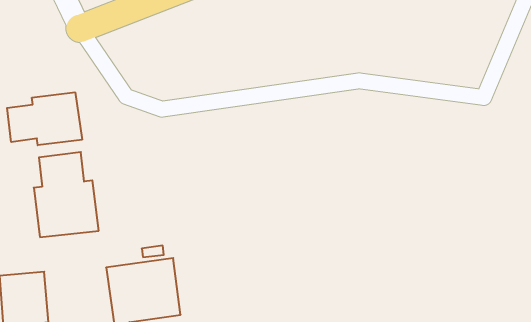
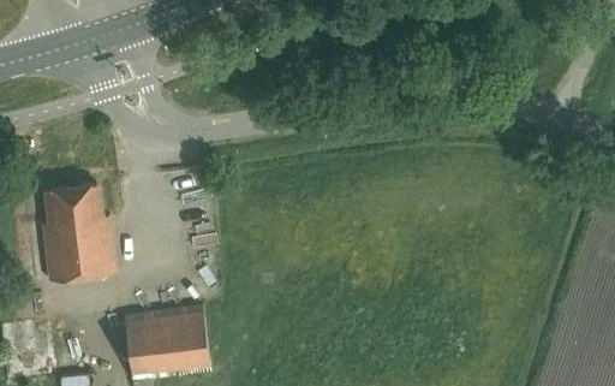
building: [7,92,82,145] -> none

